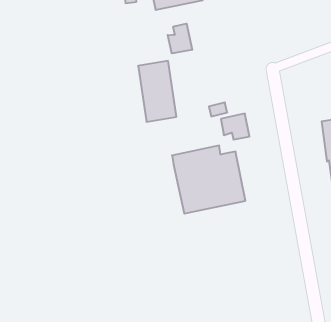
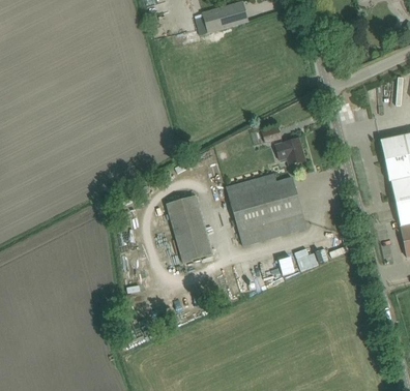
building: [168,24,192,53] -> none
building: [138,61,176,122] -> [175,192,218,258]

